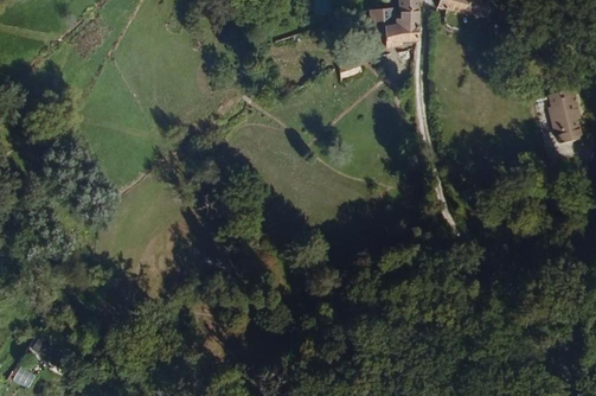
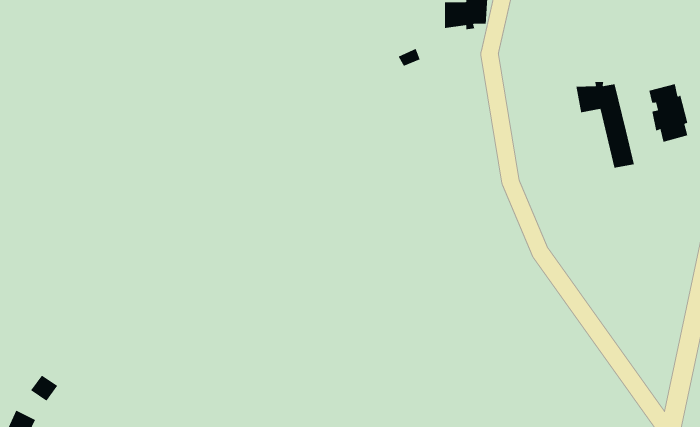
building: none -> [576,81,635,169]

